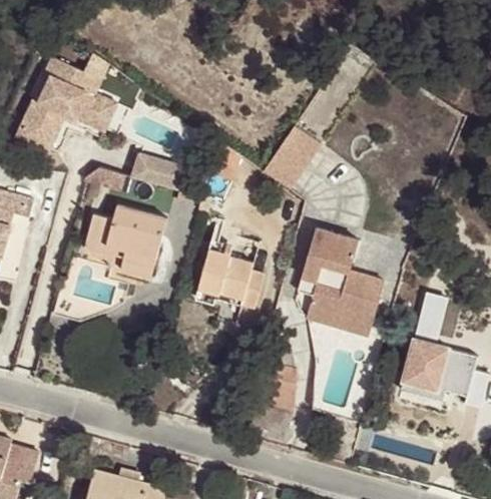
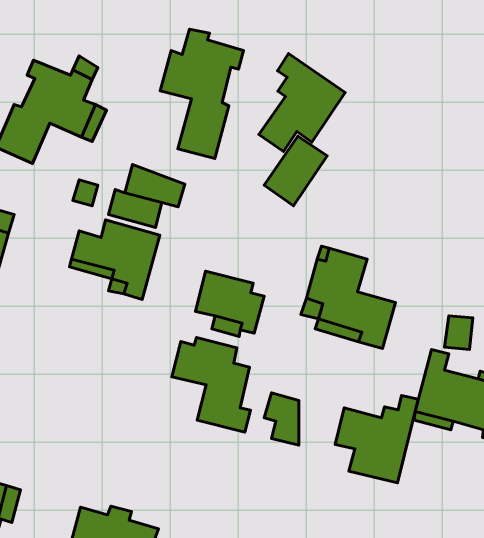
building: none -> [160,29,244,158]
building: none -> [259,54,345,152]
building: none -> [172,337,250,432]
building: none -> [335,396,418,483]

